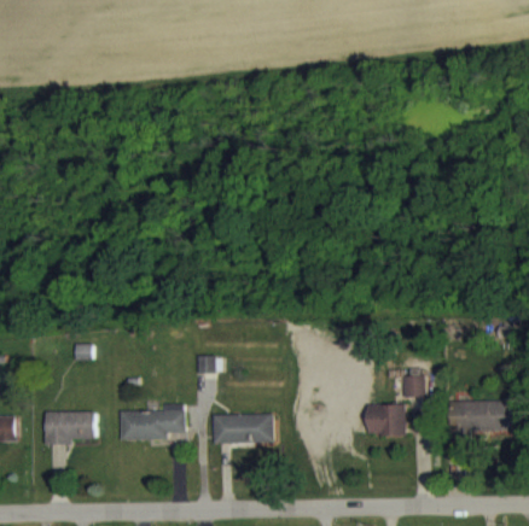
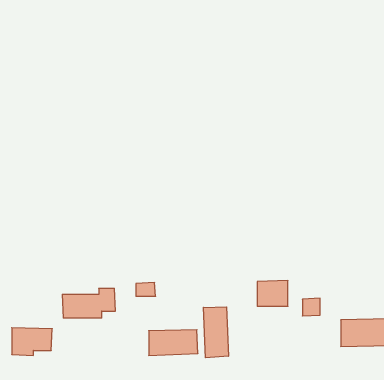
building: none -> [203,307,228,358]
building: [118,404,184,440] -> [62,288,115,318]
building: [366,404,403,436] -> [257,281,288,306]

